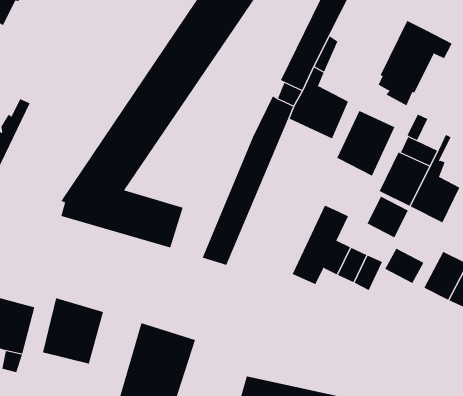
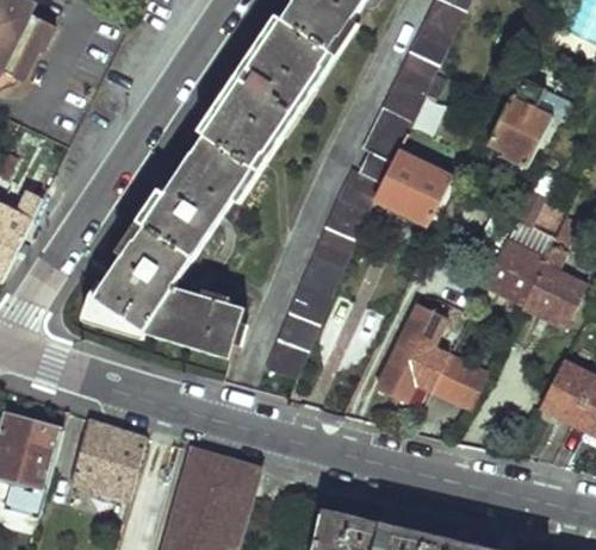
building: [336,110,395,176] -> none
building: [367,196,409,238] -> none
building: [385,248,424,284] -> none

